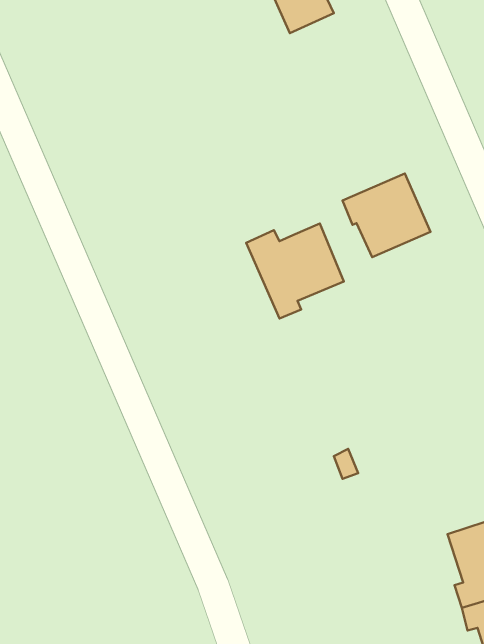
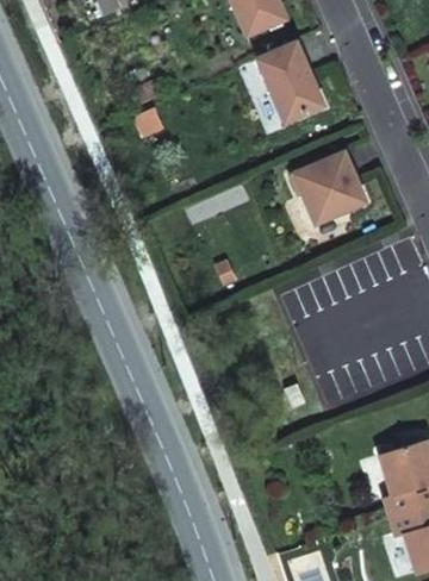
building: none -> [257,43,323,121]
building: [246,223,344,319] -> none

